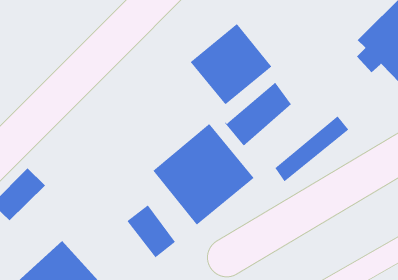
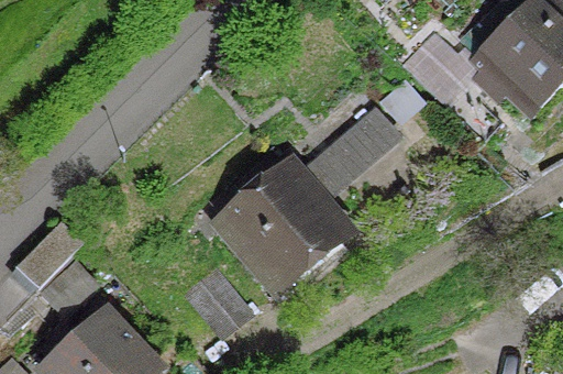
building: [190,23,272,105] -> none

